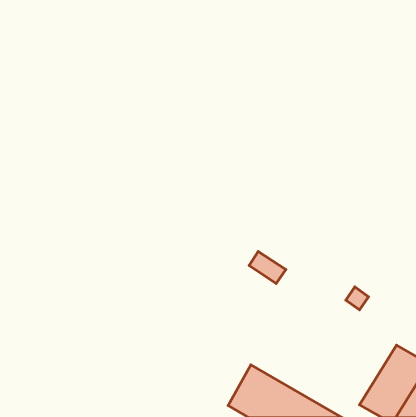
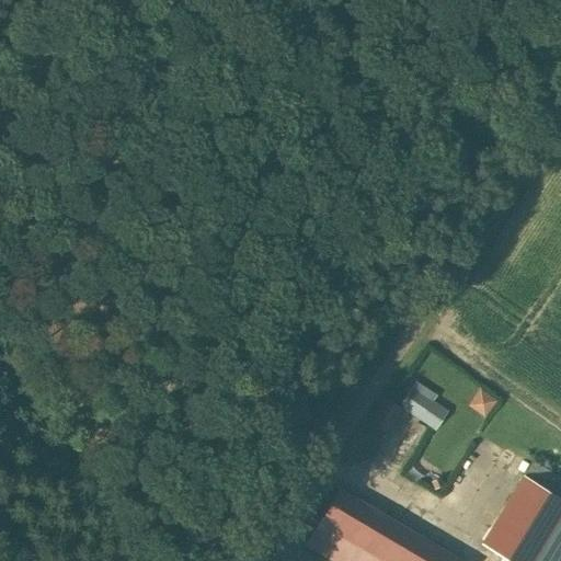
building: [249,251,286,283] -> [401,388,450,431]

